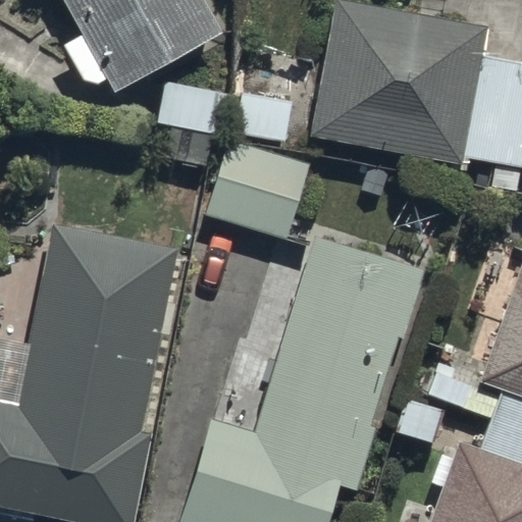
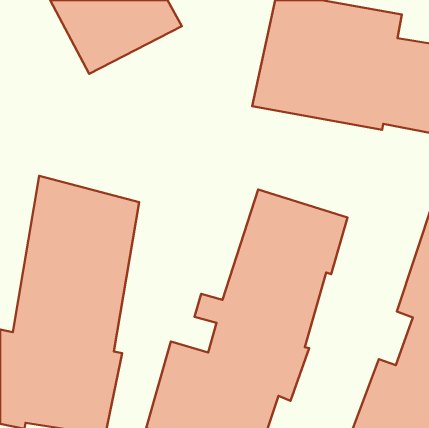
building: [203,143,308,241] -> none

